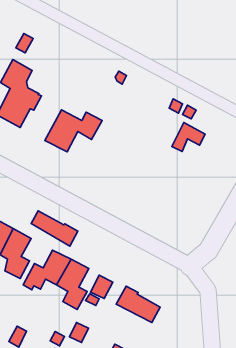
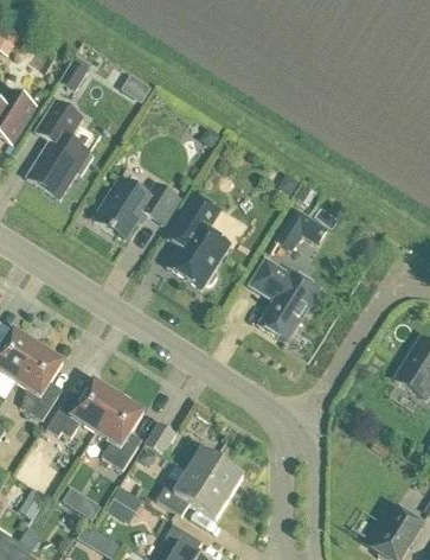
building: none -> [168,193,231,287]
building: none -> [250,257,320,342]
building: [31,211,78,246] -> none
building: none -> [158,465,230,518]

